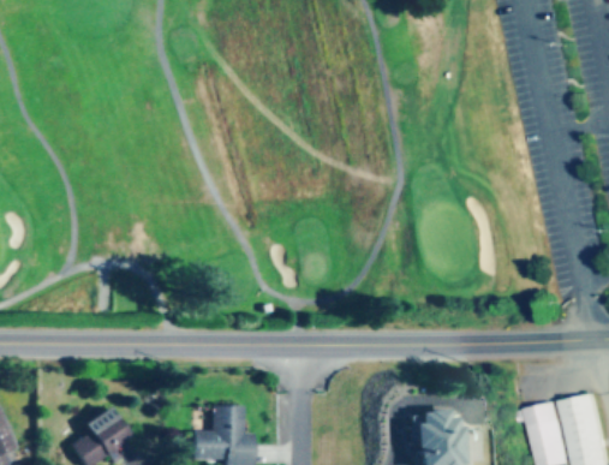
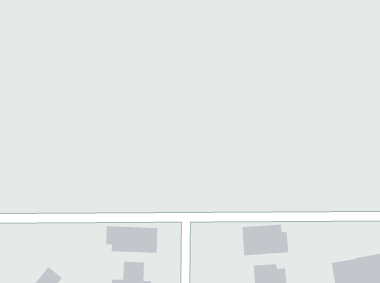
building: none -> [242,224,289,256]
building: none -> [106,226,158,254]

